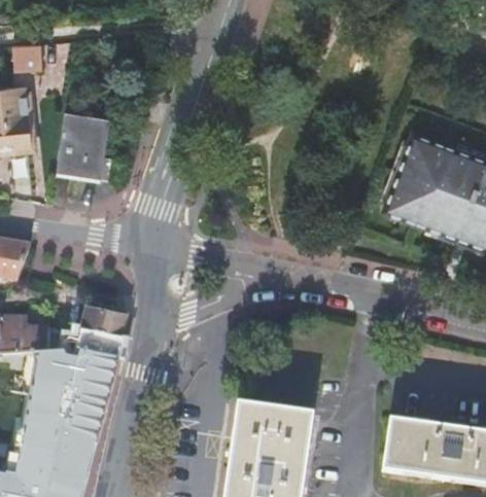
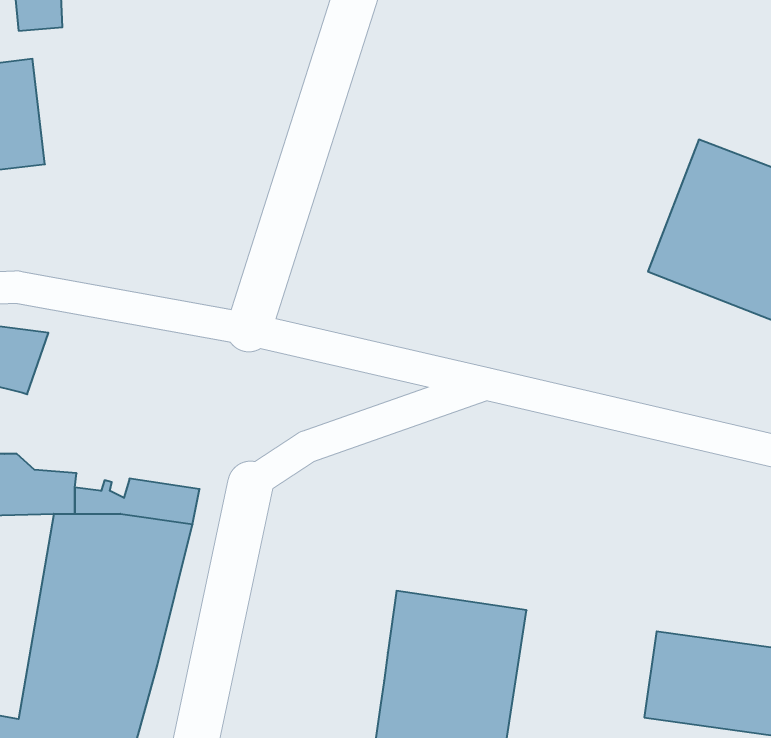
building: [58,112,112,179] -> none
building: [76,307,128,338] -> none

